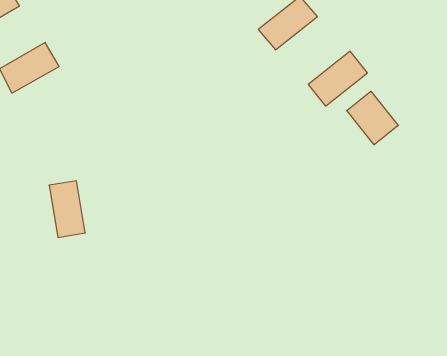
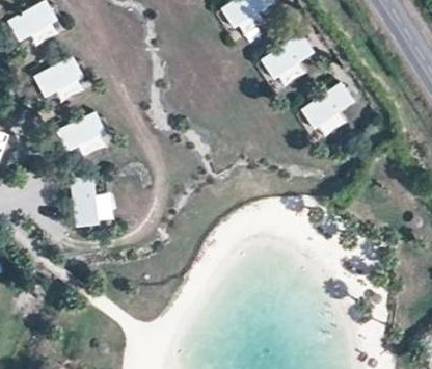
building: [347,91,398,145] -> none
building: none -> [56,110,109,152]

